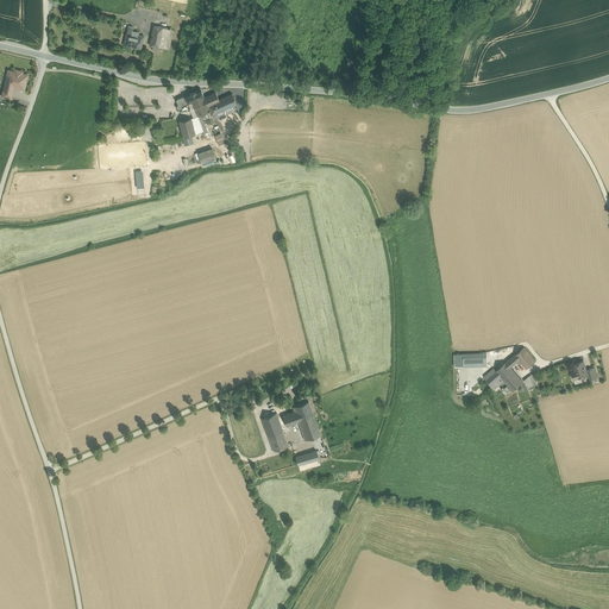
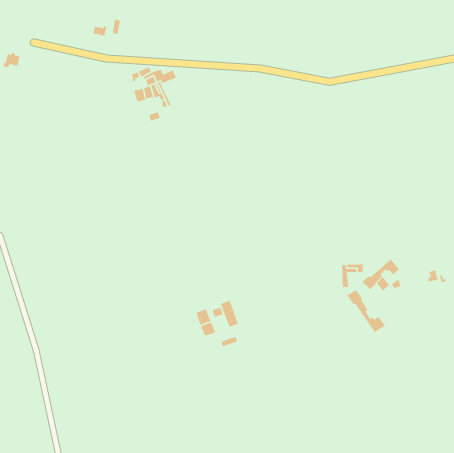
building: none -> [346,289,386,333]

